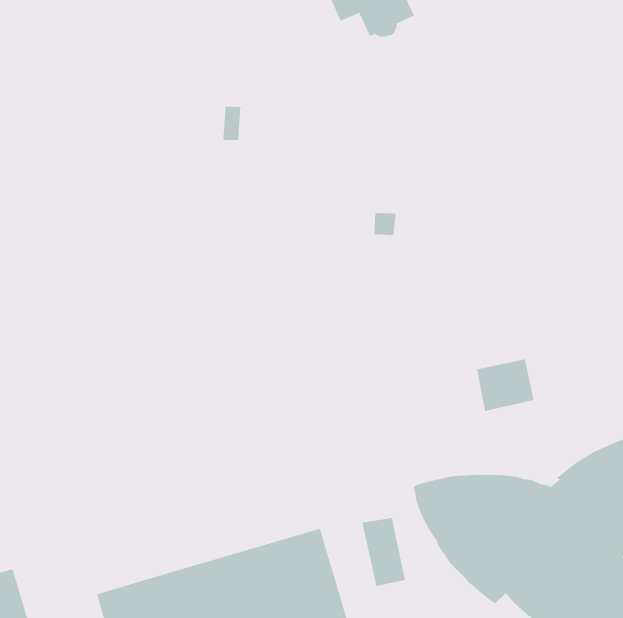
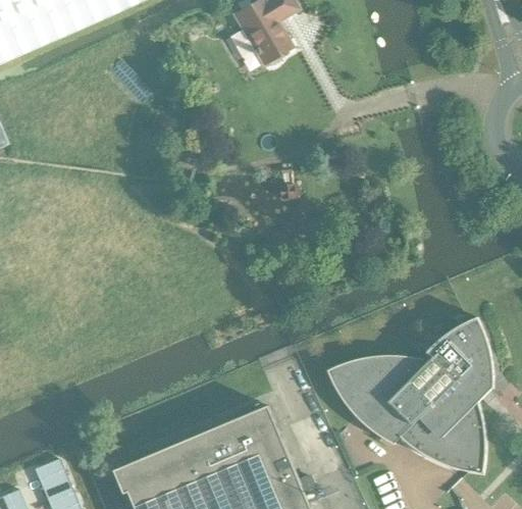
building: [477,359,534,412] -> none
building: [362,517,406,587] -> none

